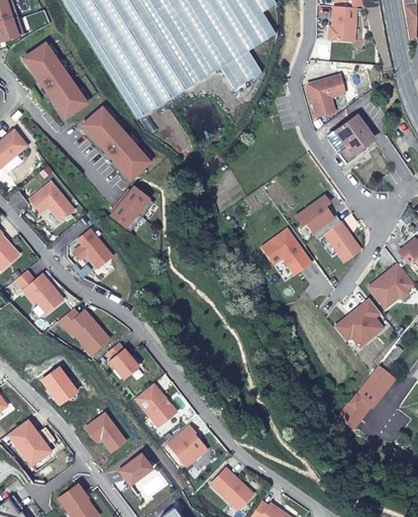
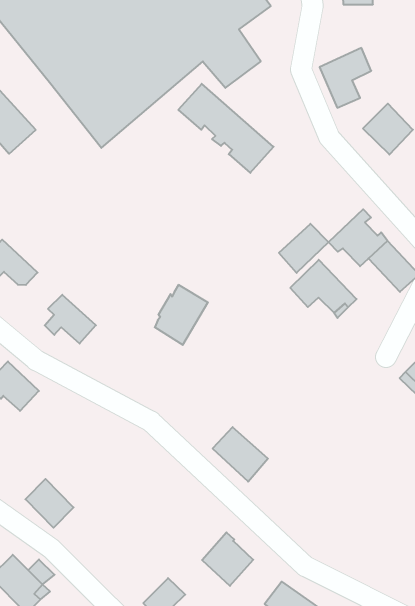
building: [82,107,149,179] -> [178,84,274,173]
building: [111,186,153,231] -> [155,285,208,345]
building: none -> [279,224,329,273]
building: [59,307,109,352] -> none
building: [107,342,138,377] -> none
building: [135,383,176,425] -> [213,427,268,482]
building: [86,412,125,449] -> none

